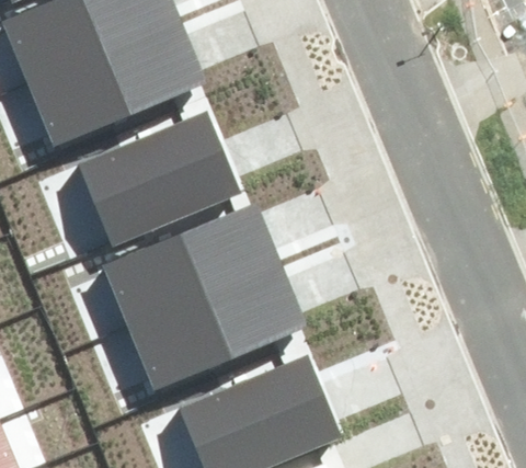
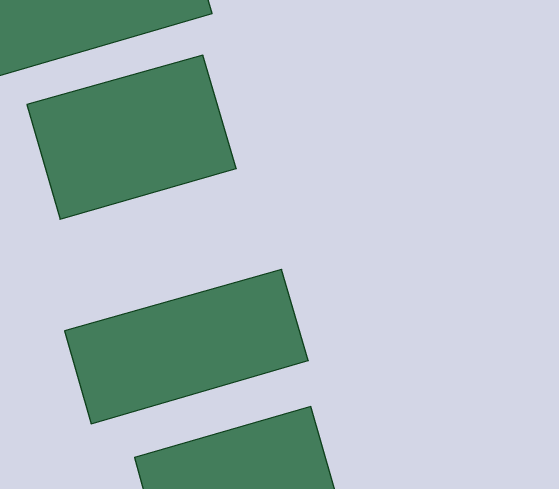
building: [99,199,276,323] -> none

